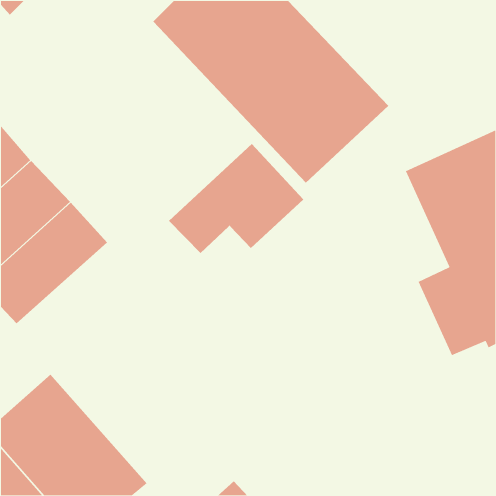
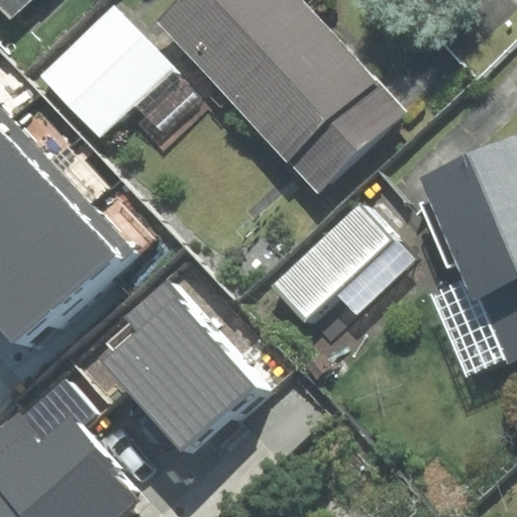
building: none -> [40,7,173,138]
building: [168,143,304,254] -> [272,205,413,320]
building: none -> [102,283,278,460]

